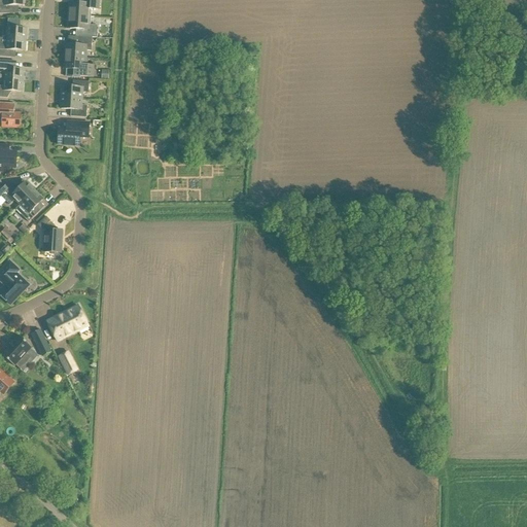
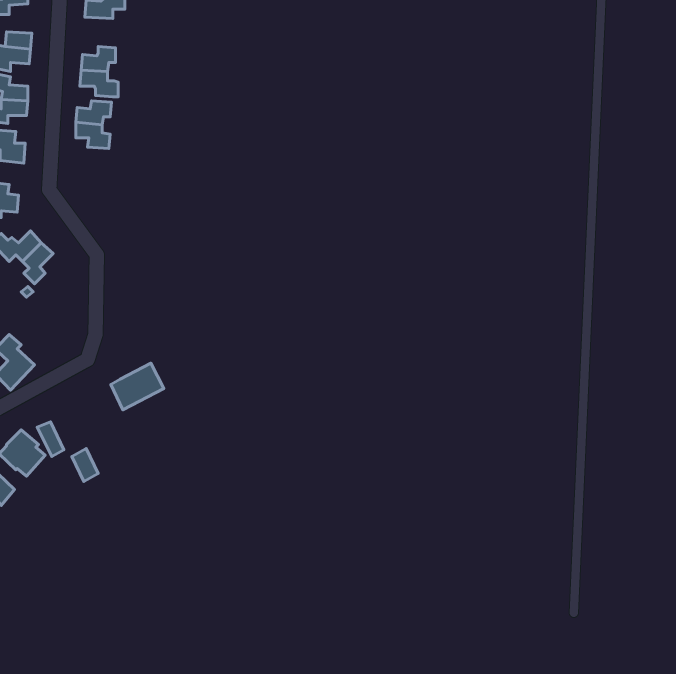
building: [66,13,96,36] -> none
building: [56,119,87,144] -> none
building: [35,214,61,251] -> none
building: [45,304,86,340] -> [111,363,164,410]

